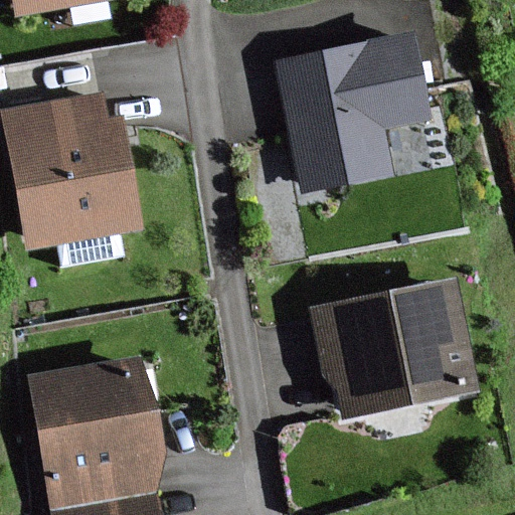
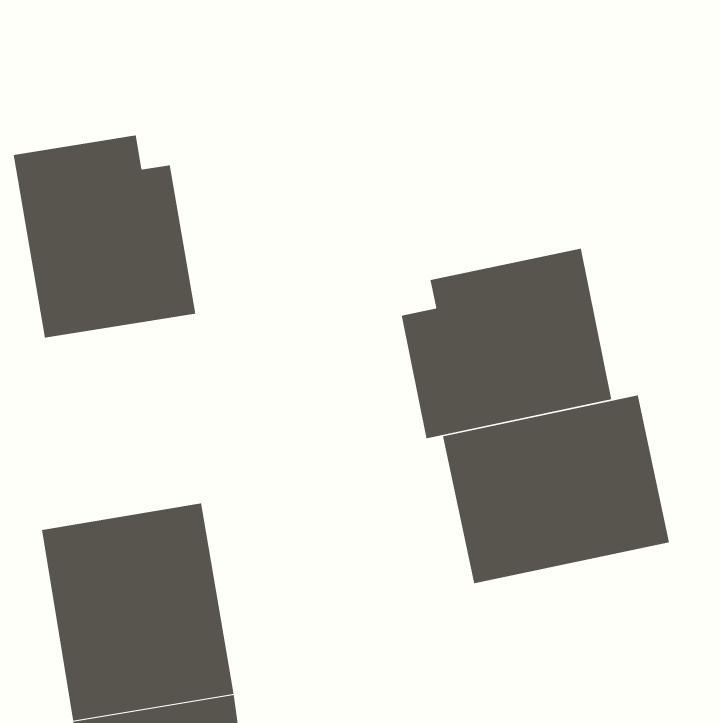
building: [280,36,431,187] -> none
building: none -> [401,248,612,439]

